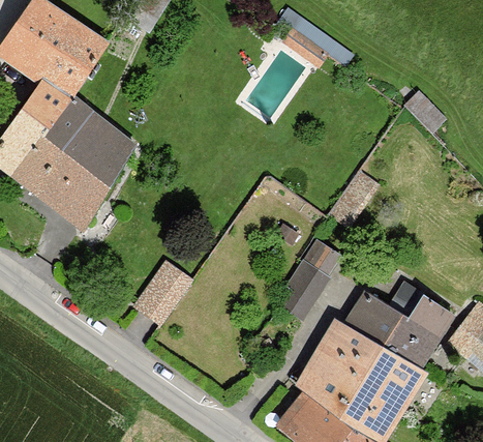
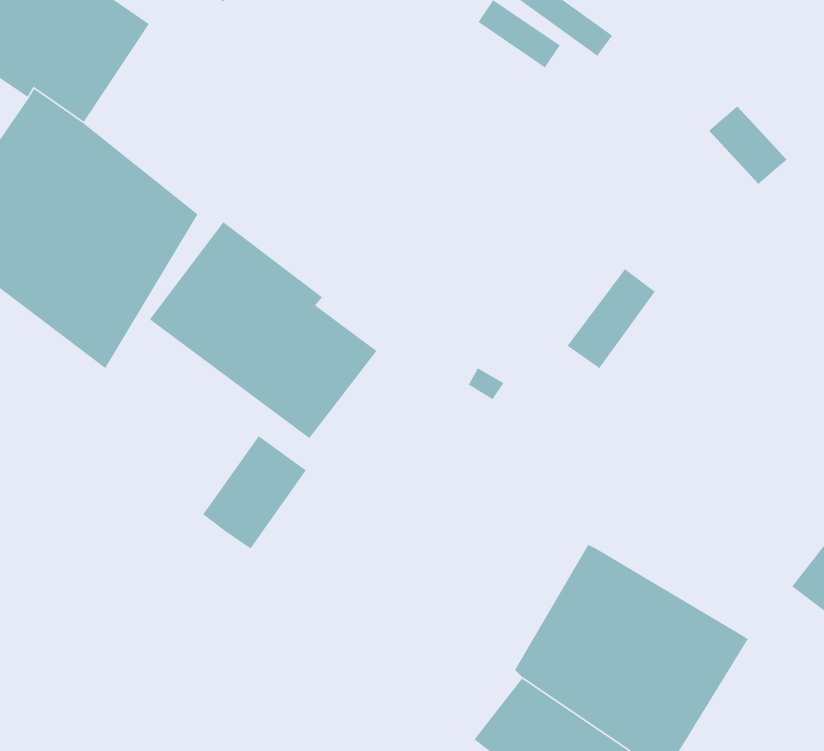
building: none -> [149,221,378,439]
building: [279,238,338,318] -> none
building: [344,284,454,369] -> none

